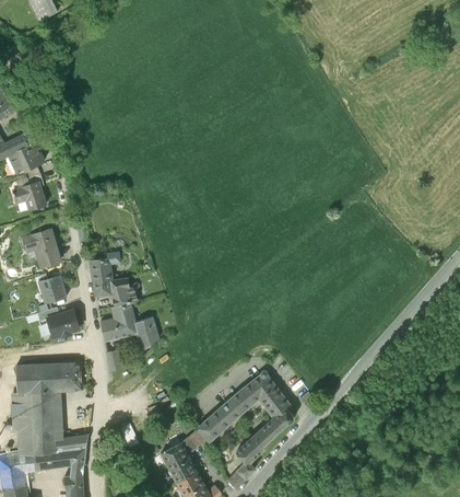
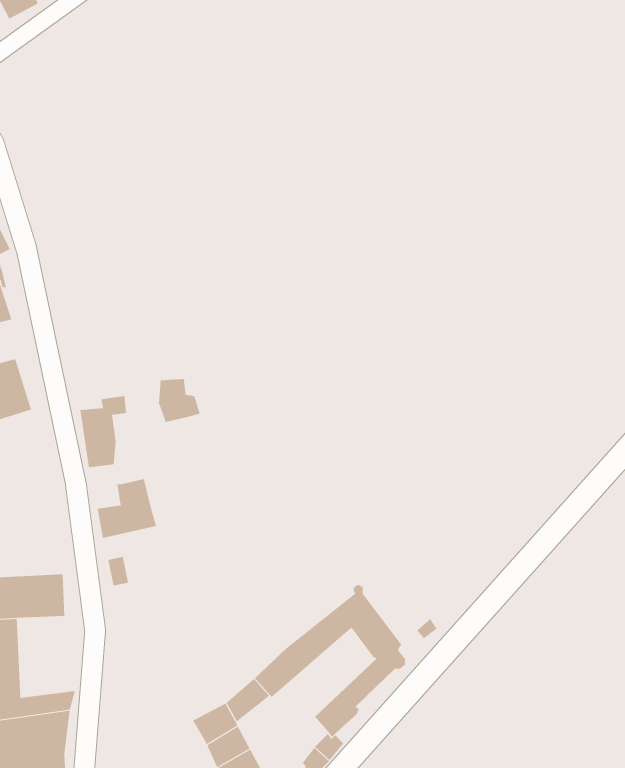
building: [46,274,72,303] -> none
building: [111,280,138,308] -> [158,378,201,423]
building: [46,310,81,337] -> none
building: [134,317,157,351] -> none

